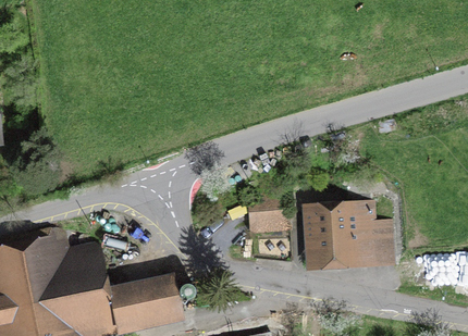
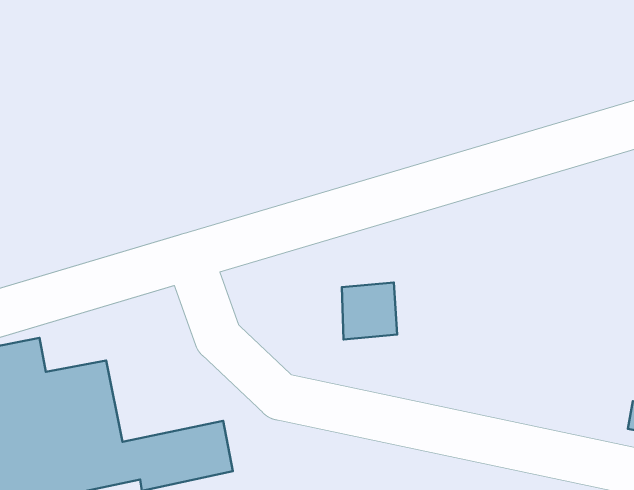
building: [311,197,390,265] -> none

